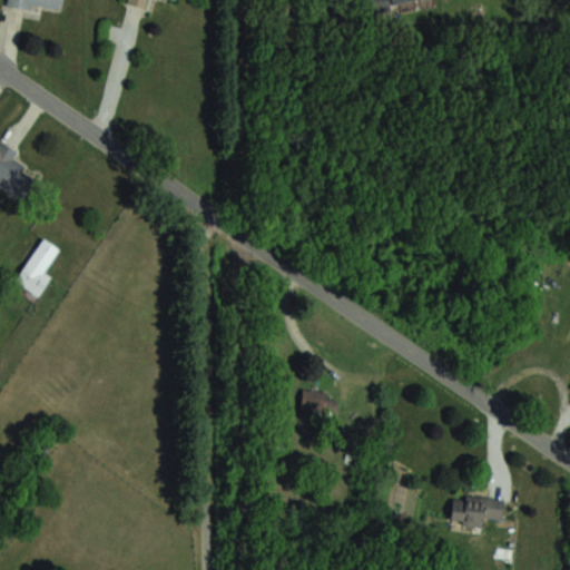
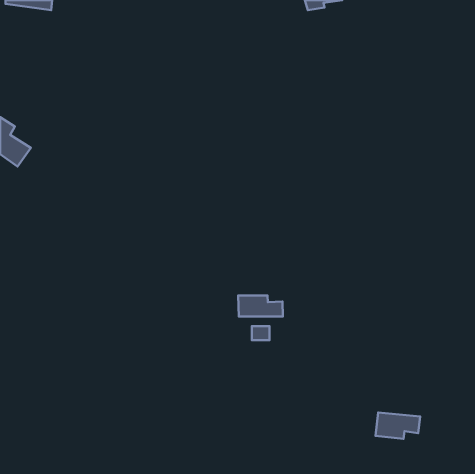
building: [11,238,63,301] -> none
building: none -> [238,295,283,316]

